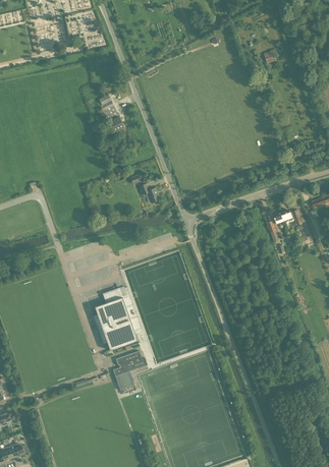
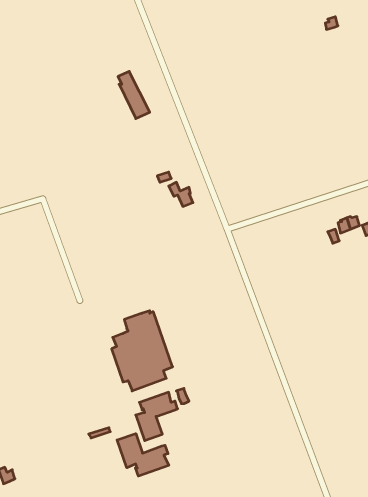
building: none -> [117,434,169,476]

